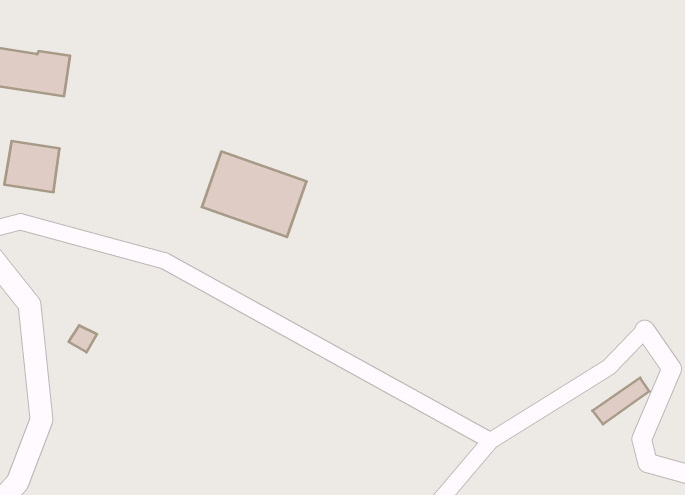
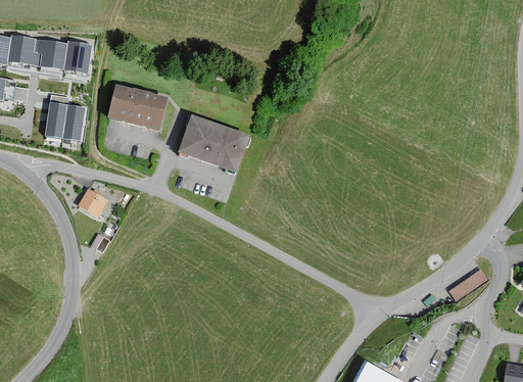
building: none -> [109,84,169,129]
building: none -> [79,187,106,214]

